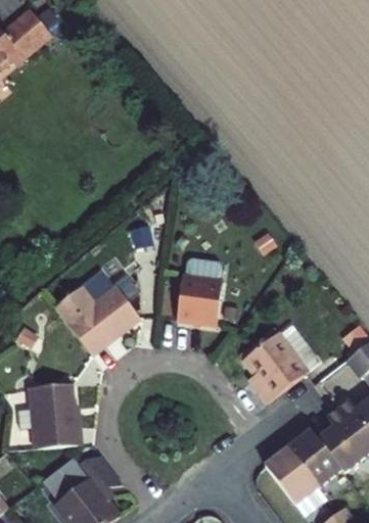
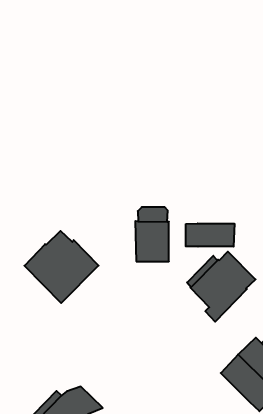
building: none -> [186,223,234,247]
building: [29,392,84,459] -> none

